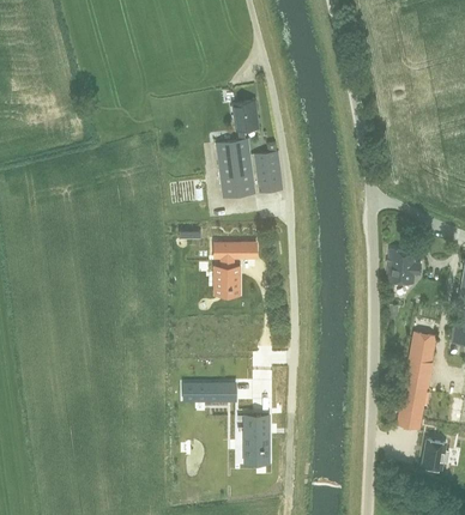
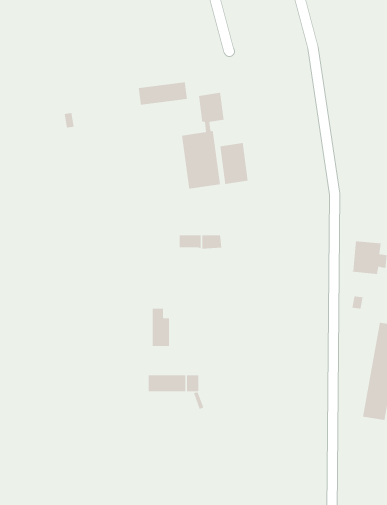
building: none -> [138,81,188,106]
building: [221,256,238,295] -> [152,308,170,347]
building: [246,414,267,458] -> none

